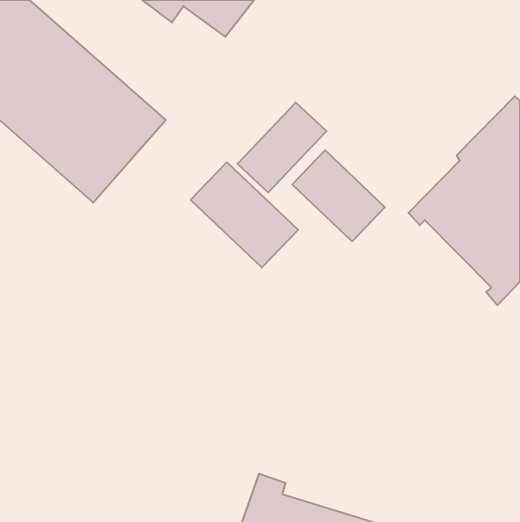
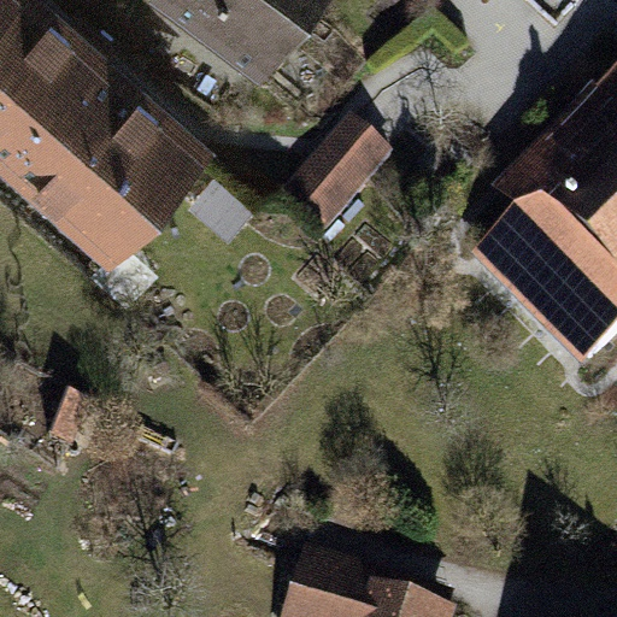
building: [292,150,385,241] -> none
building: [191,162,298,268] -> none

